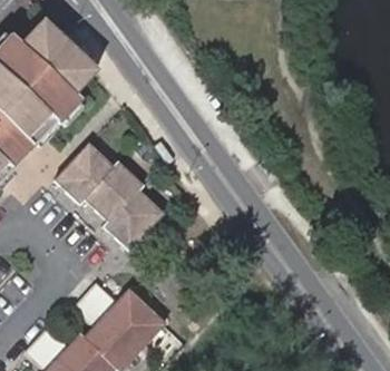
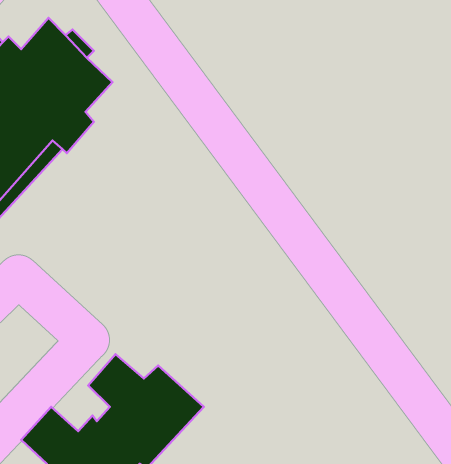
building: [55,145,162,250] -> none

